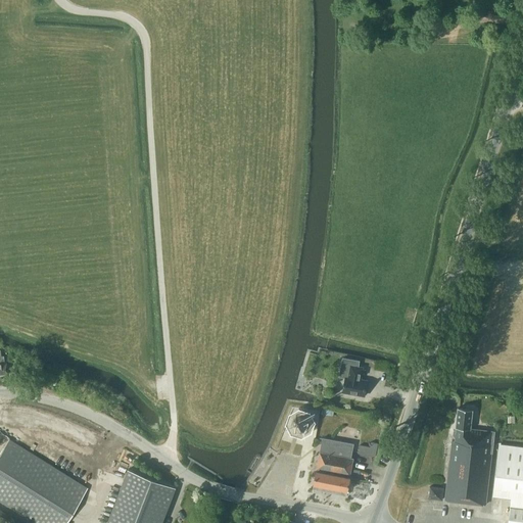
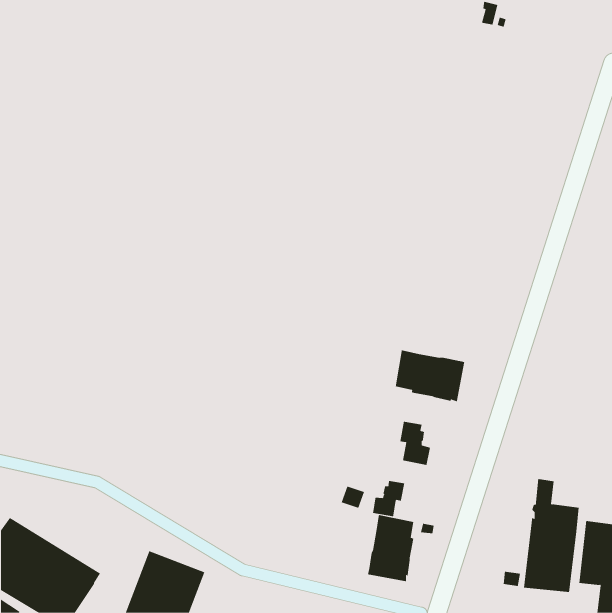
building: none -> [395,349,465,402]
building: none -> [373,480,405,517]

